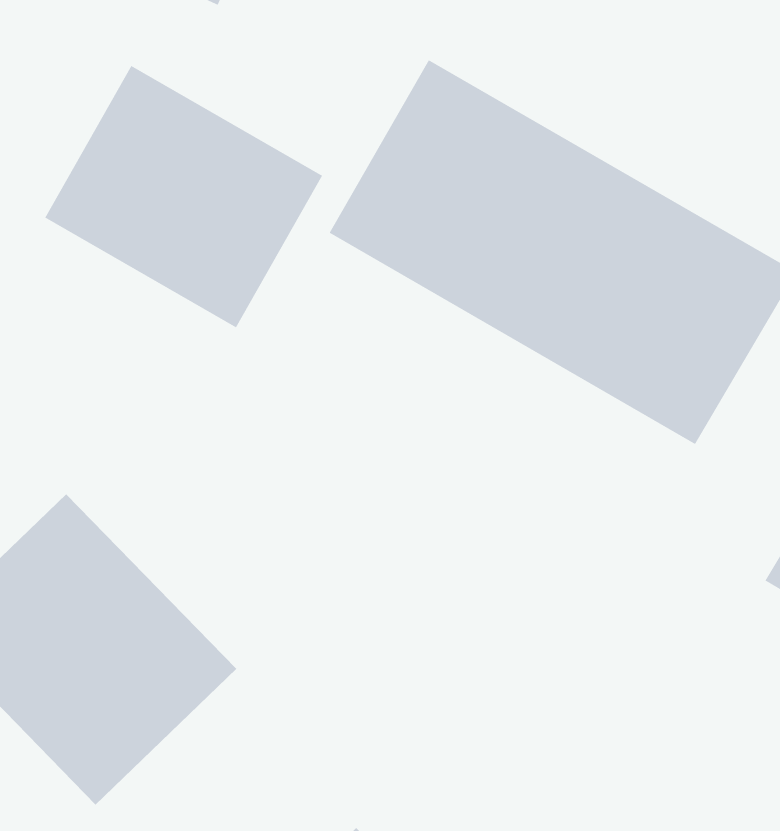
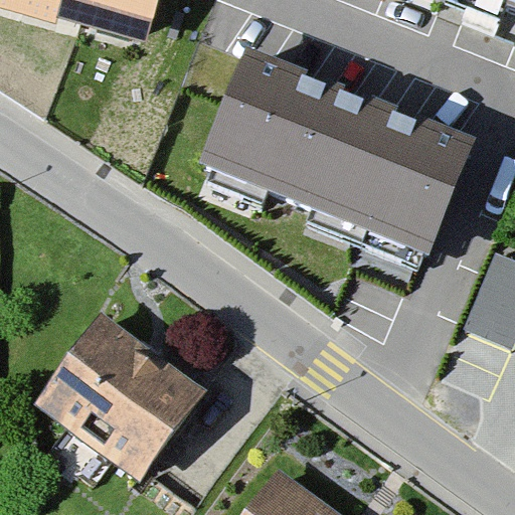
building: [44,65,323,328] -> none

